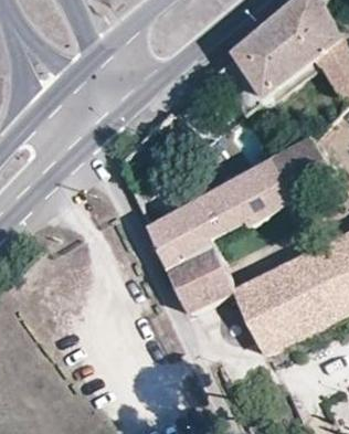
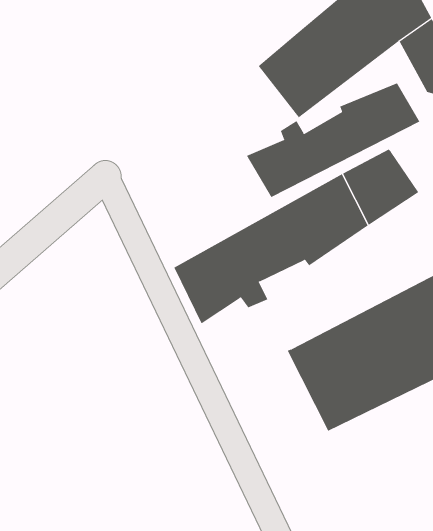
building: none -> [246,82,420,198]
building: [166,251,234,314] -> none

